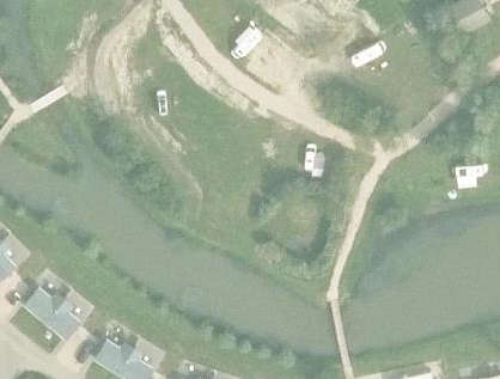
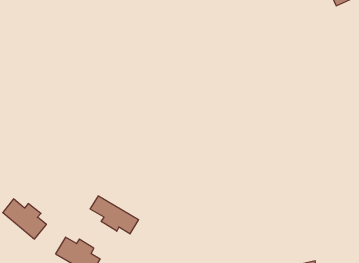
building: none -> [90,196,139,234]

